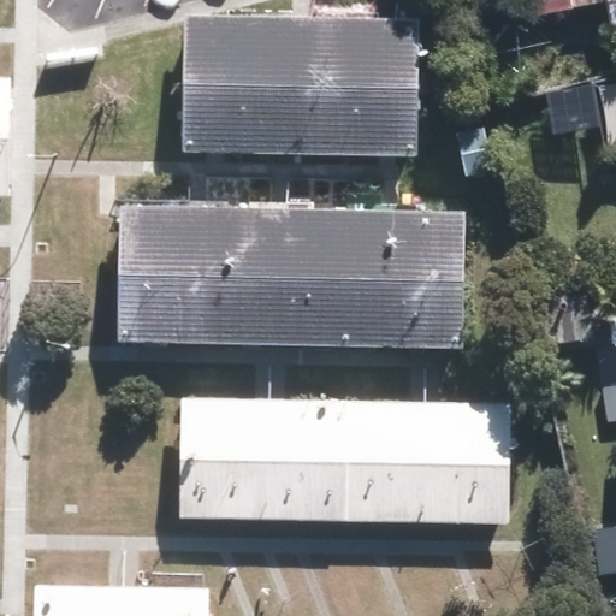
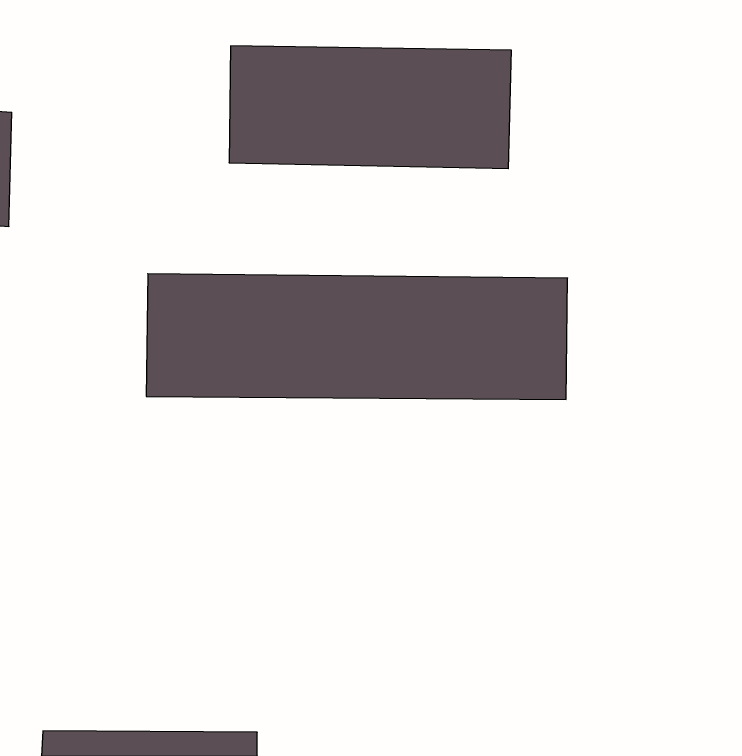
building: [178,413,500,508] -> none

